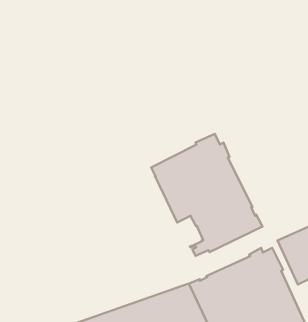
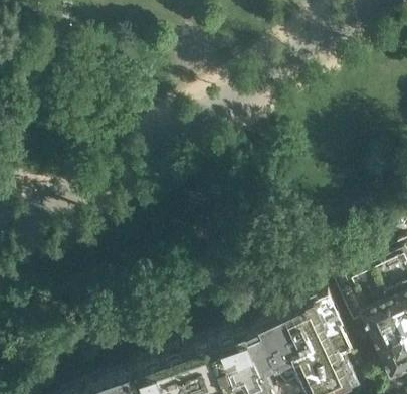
building: [151,134,263,256] -> none

